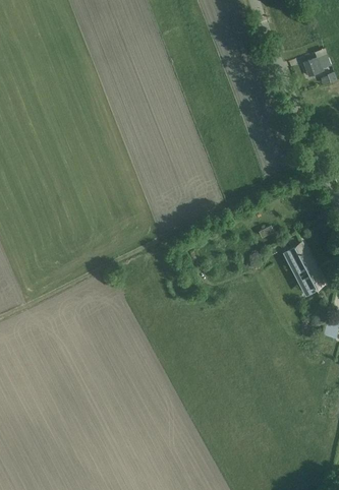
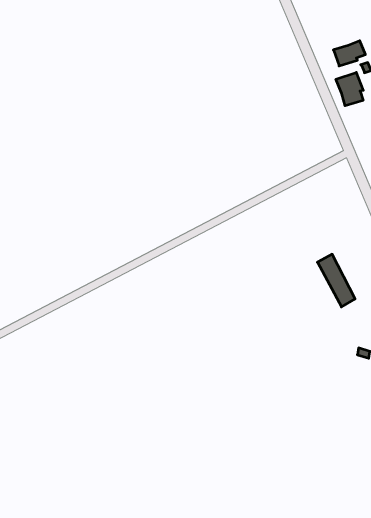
building: none -> [336,72,363,106]

